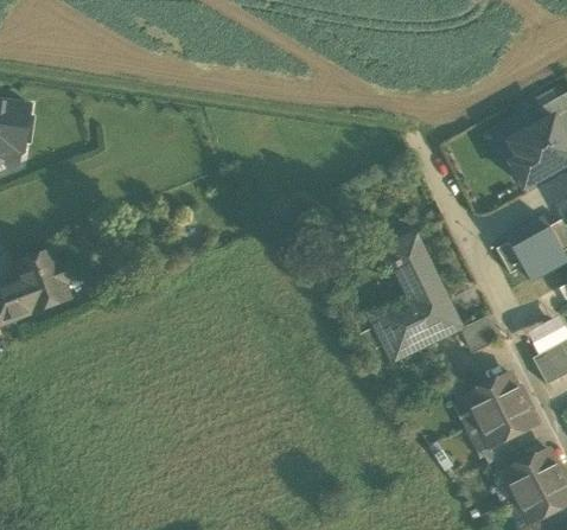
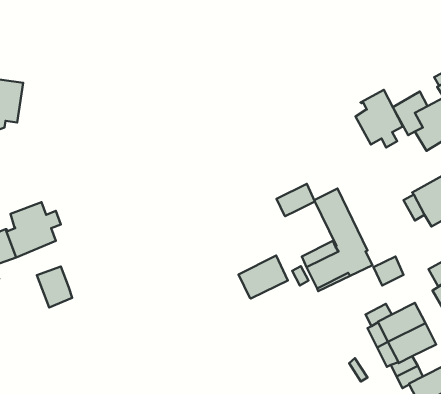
building: none -> [355,90,403,148]
building: none -> [277,184,315,216]
building: none -> [239,255,288,298]
building: none -> [37,266,72,307]

